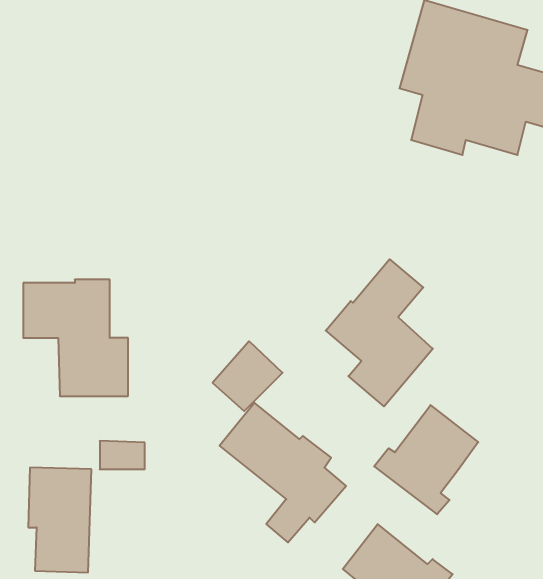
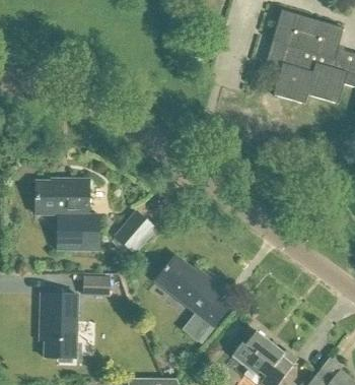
building: [326,259,433,406] -> none
building: [213,341,283,411] -> [113,208,155,251]
building: [374,405,478,514] -> none

